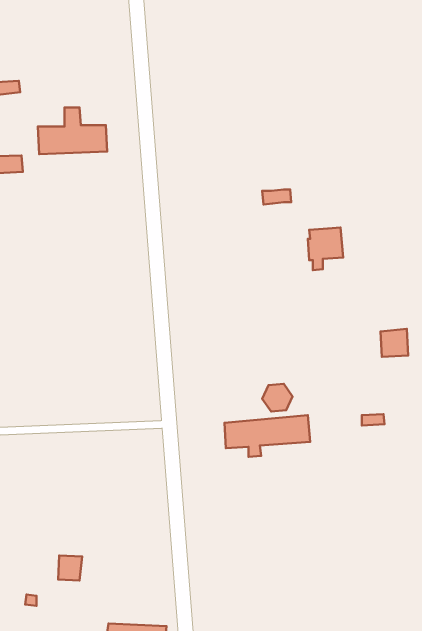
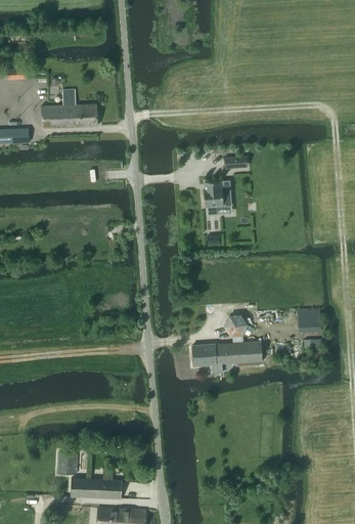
building: [308,227,343,270] -> [203,180,231,215]
building: [381,329,408,357] -> [298,309,320,332]
building: none -> [70,471,121,498]

